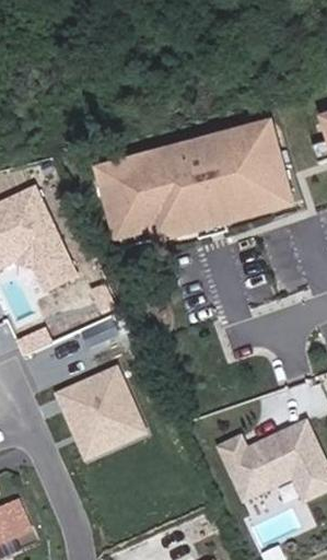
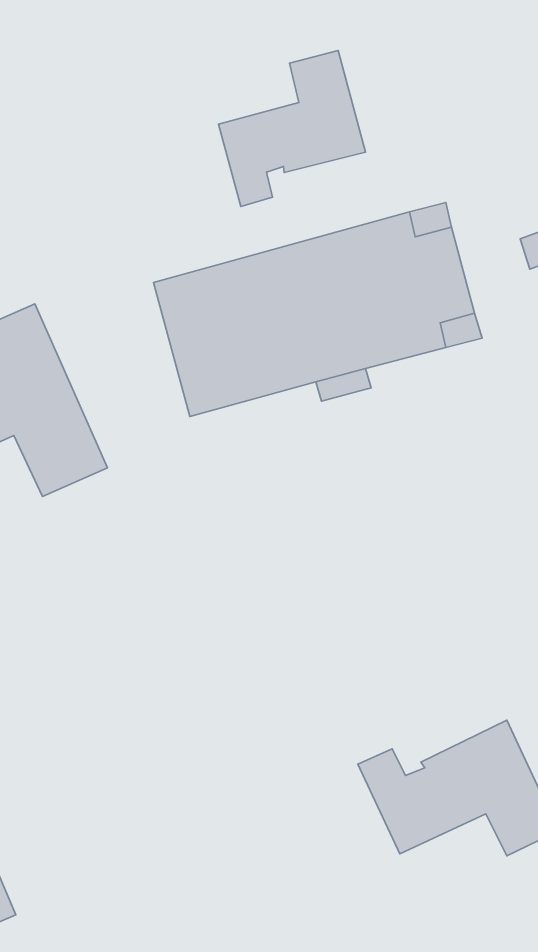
building: none -> [219,51,366,206]
building: [49,357,150,457] -> none

